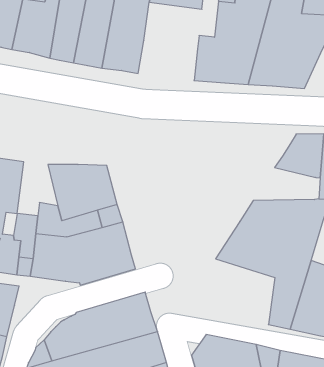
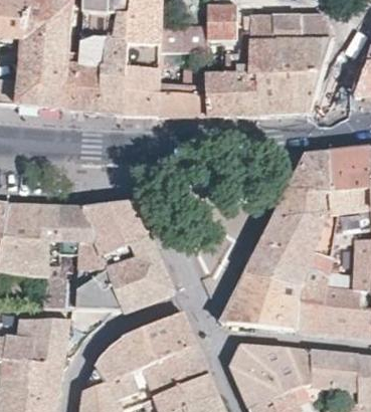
building: none -> [155,61,206,116]
building: none -> [59,206,96,253]
building: none -> [271,186,327,218]
building: none -> [220,274,299,329]

